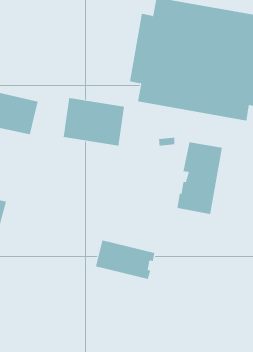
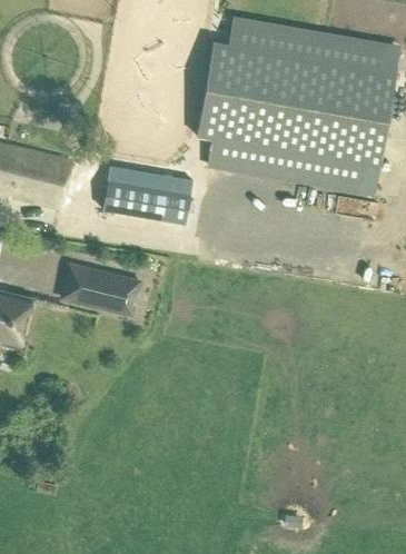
building: [177,141,222,215] -> none
building: [95,240,155,280] -> [60,263,142,317]

